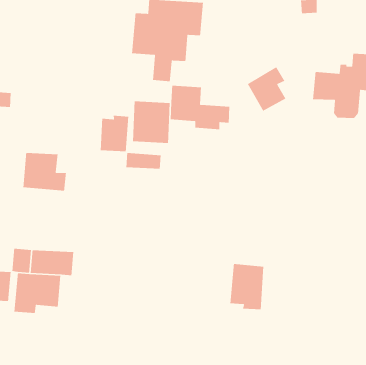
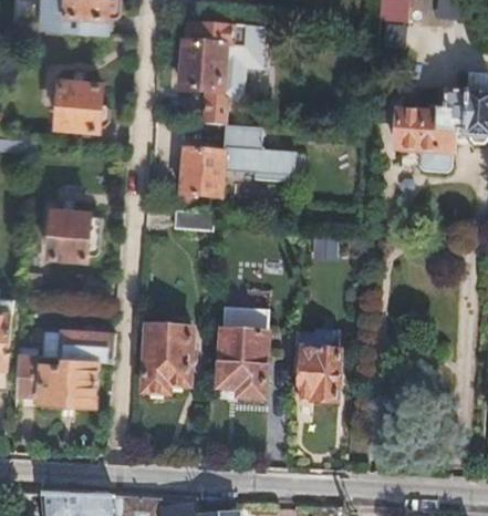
building: none -> [55,81,110,127]
building: [247,66,287,112] -> none
building: [100,115,129,152] -> none
building: none -> [217,305,268,395]
building: none -> [138,328,189,390]

